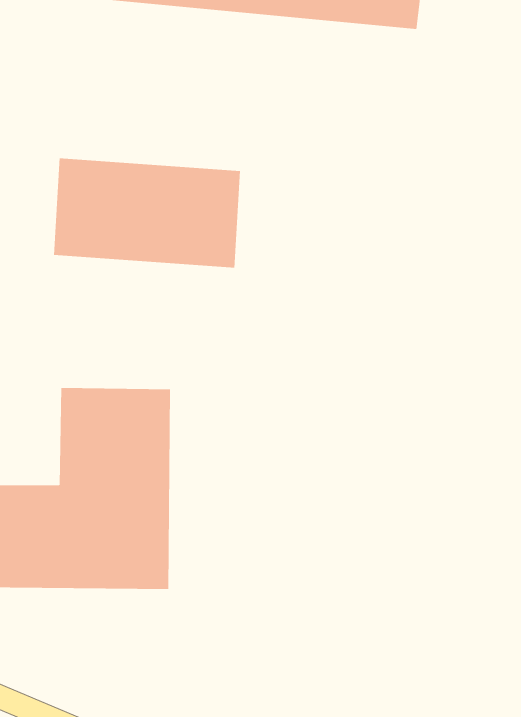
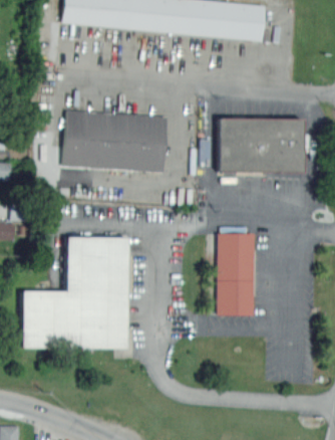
building: none -> [218,118,303,173]
building: none -> [218,234,253,313]

